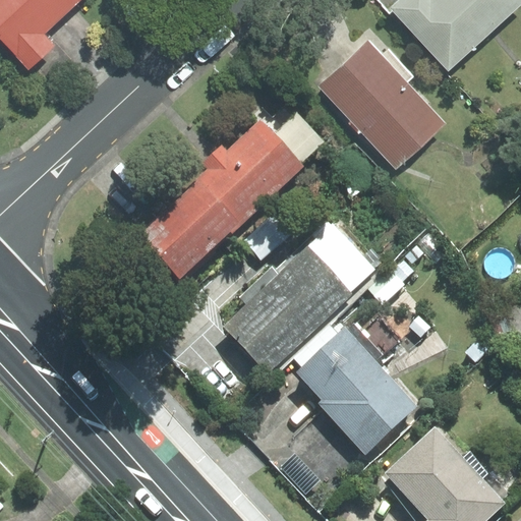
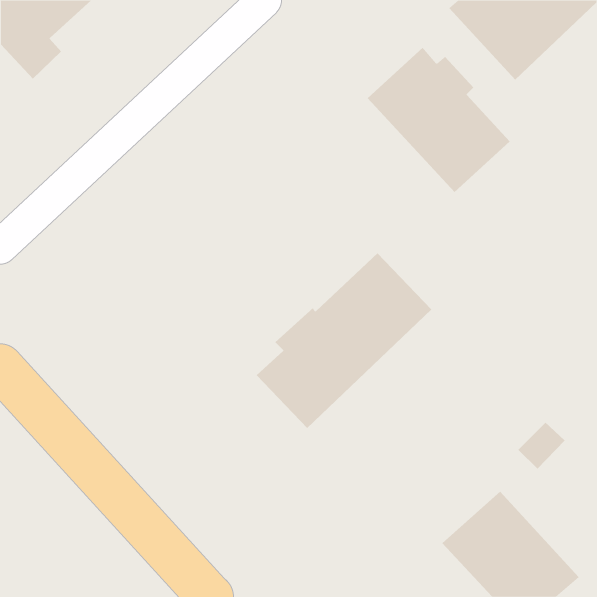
building: [139,121,301,278] -> none
building: [297,329,416,453] -> none

